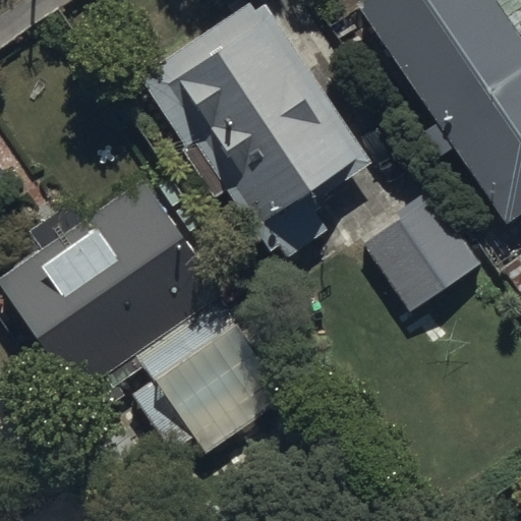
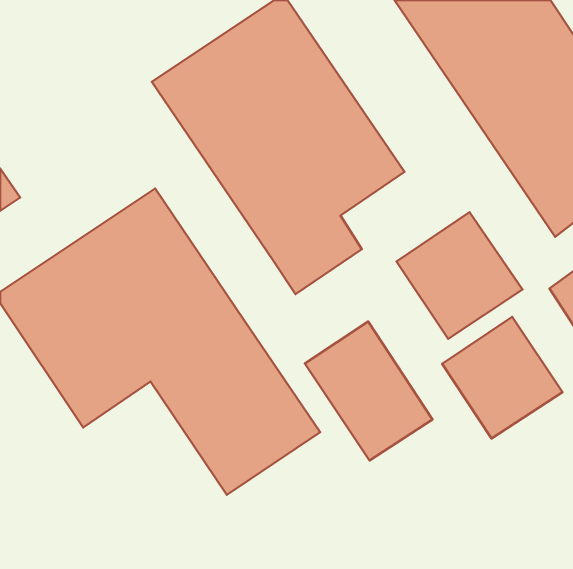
building: none -> [442,317,563,439]
building: none -> [305,321,433,461]

